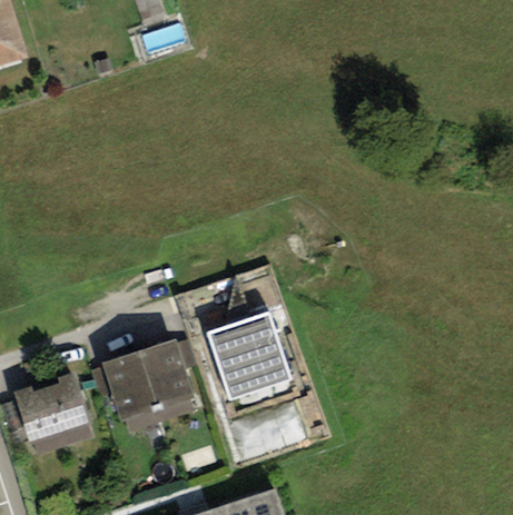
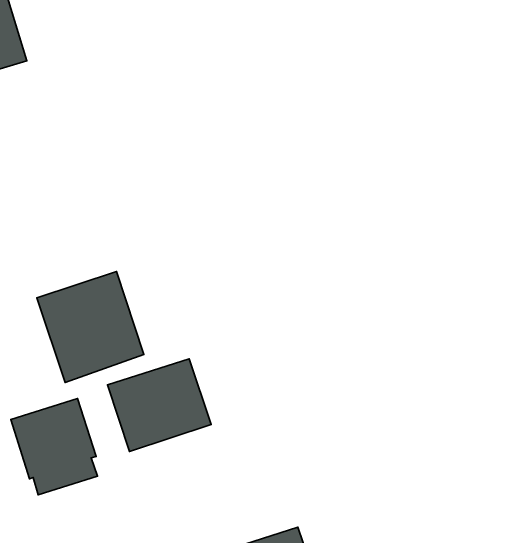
building: none -> [37,271,144,382]
building: [206,310,292,398] -> none

